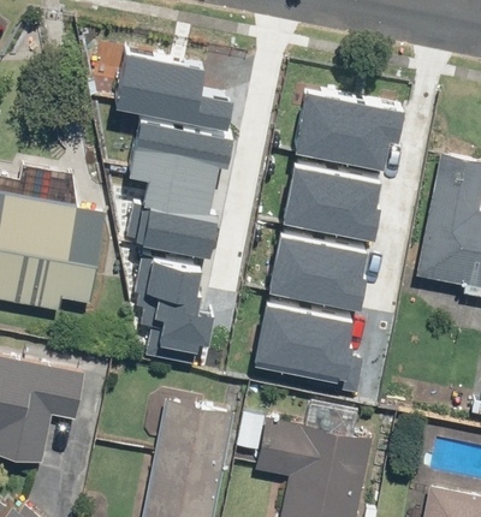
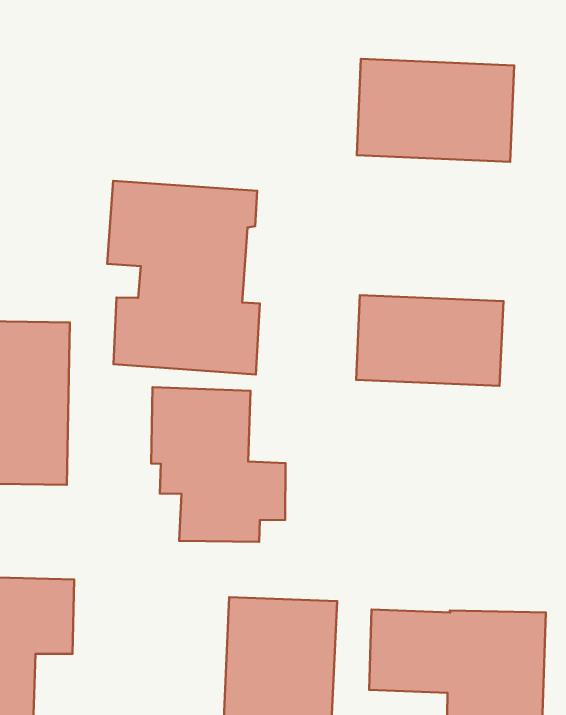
building: [118,57,234,133] -> none
building: [283,155,384,224] -> none
building: [250,295,369,378] -> none

